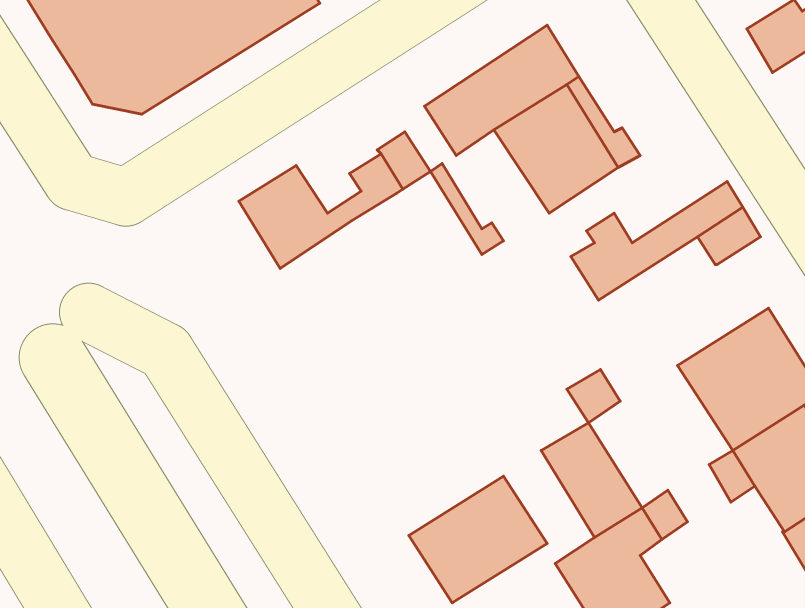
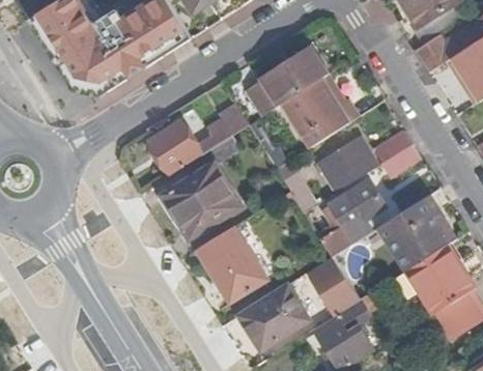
building: none -> [161,136,243,239]
building: none -> [329,178,386,240]
building: none -> [197,226,267,303]

